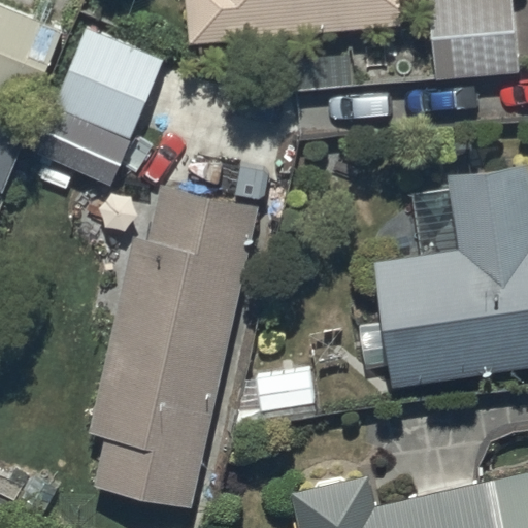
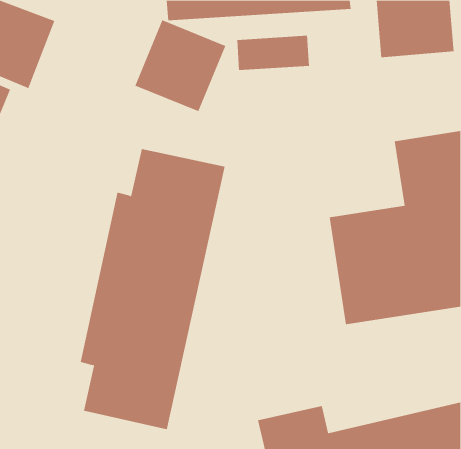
building: [56,33,160,138] -> [135,20,226,112]

